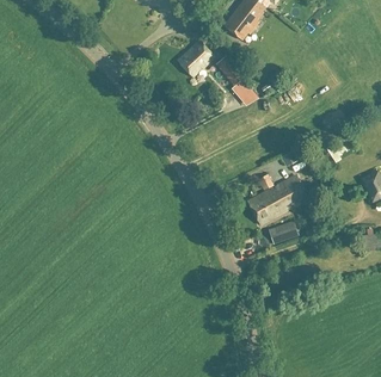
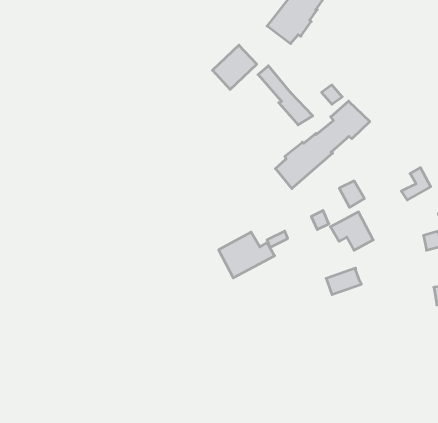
building: none -> [275,101,370,189]
building: [247,187,293,224] -> [219,232,275,278]

